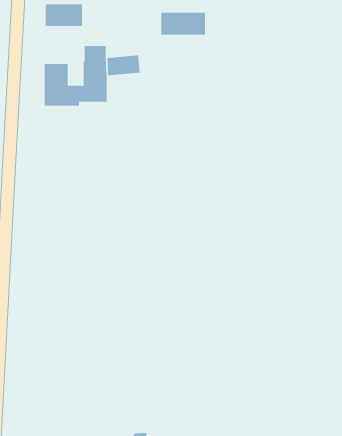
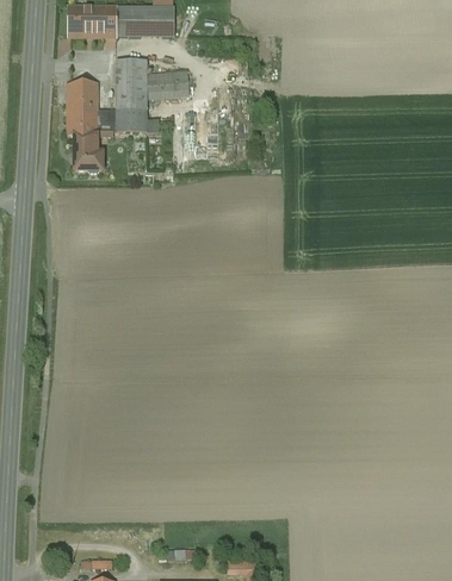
building: [160,12,206,35] -> [117,7,174,36]
building: none -> [75,136,104,173]

